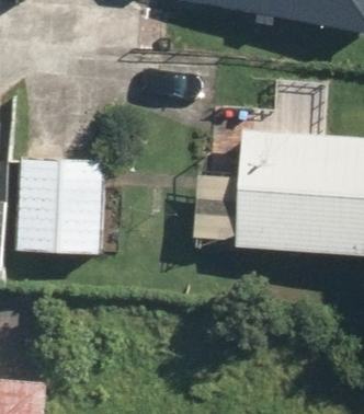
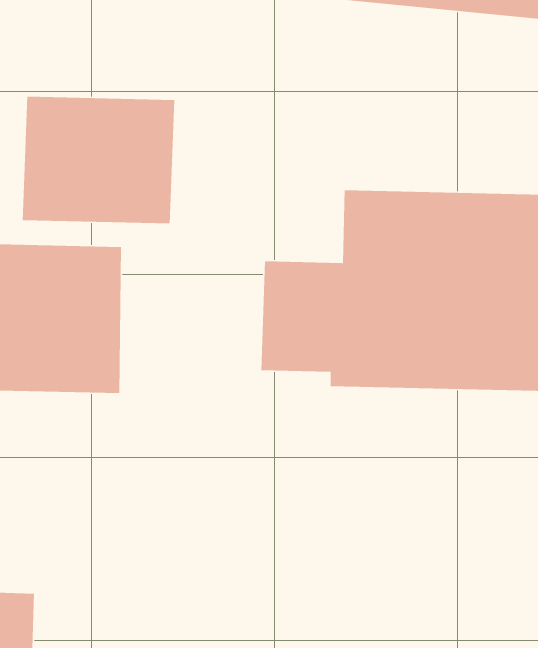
building: none -> [22,96,175,224]

